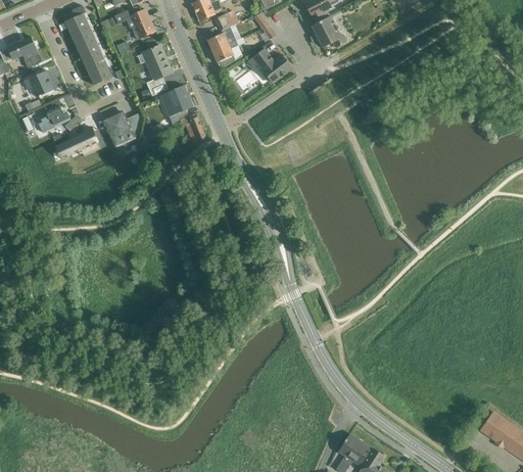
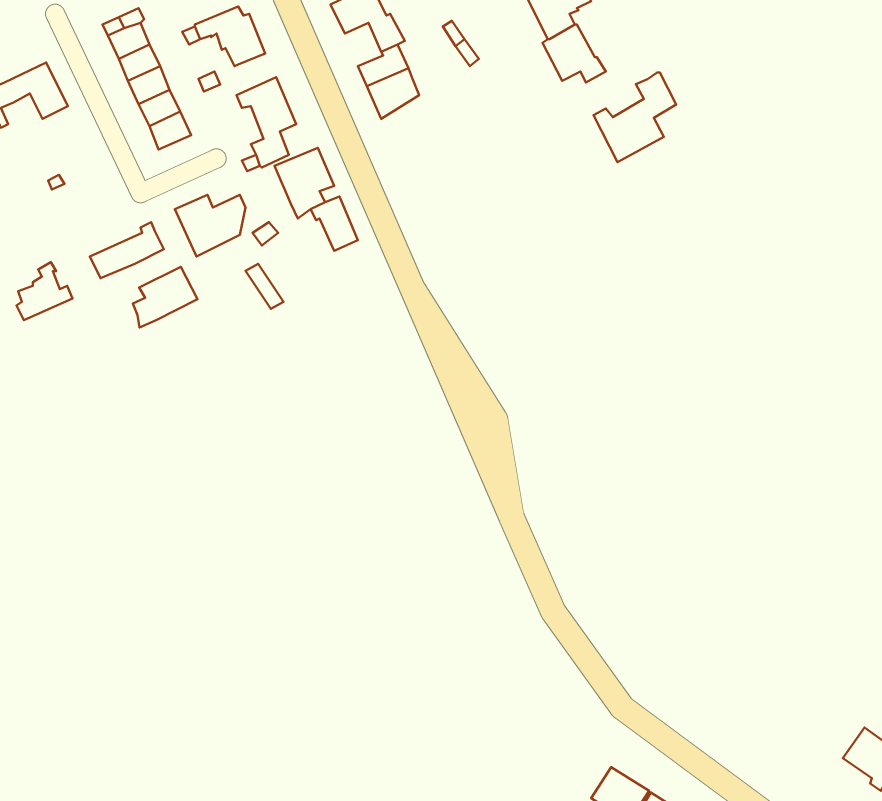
building: none -> [593,72,676,162]
building: [247,47,291,83] -> none
building: [25,70,53,97] -> none
building: [39,99,70,132] -> [16,262,73,320]
building: none -> [133,267,198,328]

